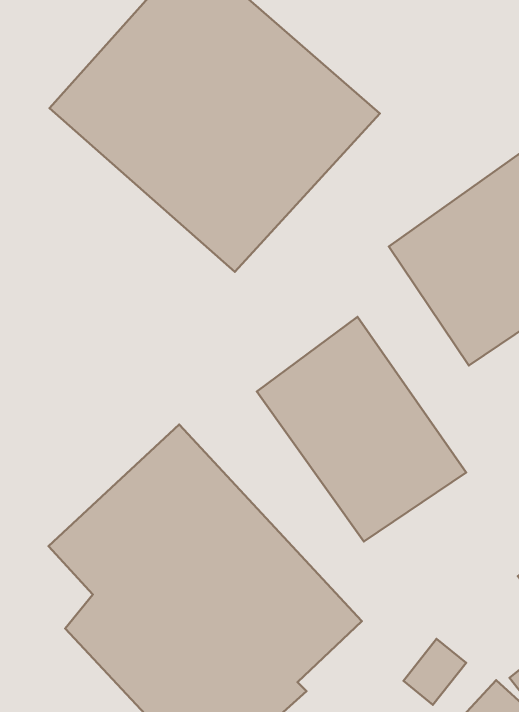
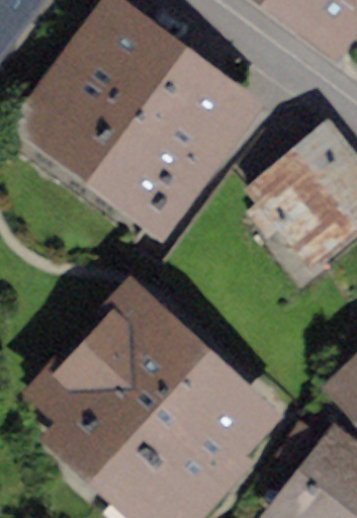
building: [257,317,466,541] -> none

